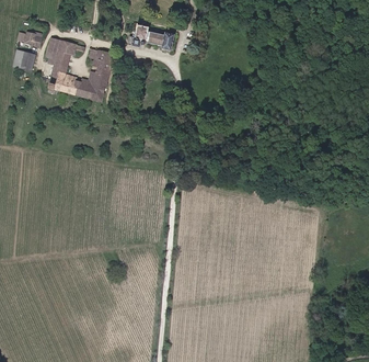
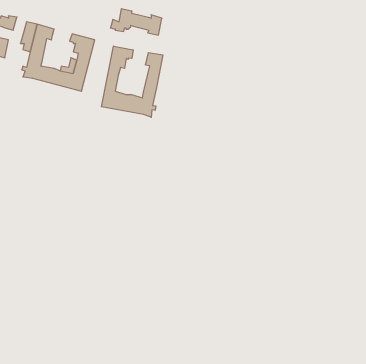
building: none -> [101,46,163,117]

